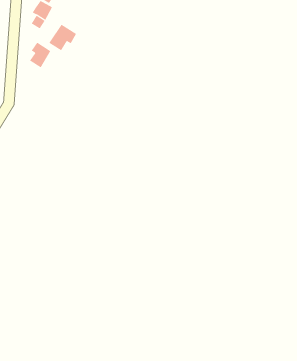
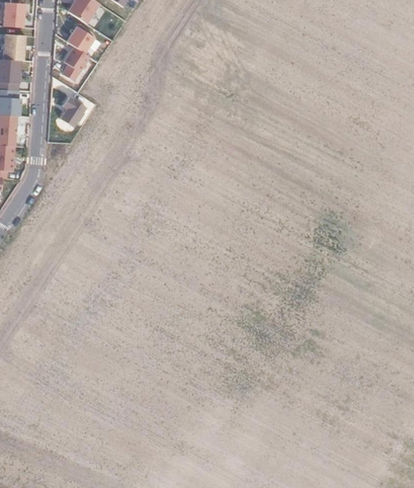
building: [49,24,77,51] -> none

